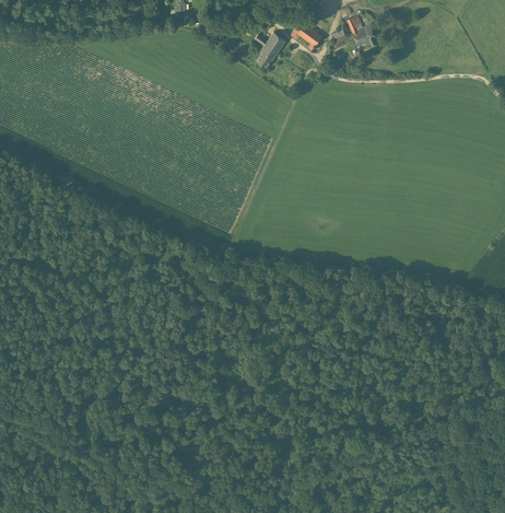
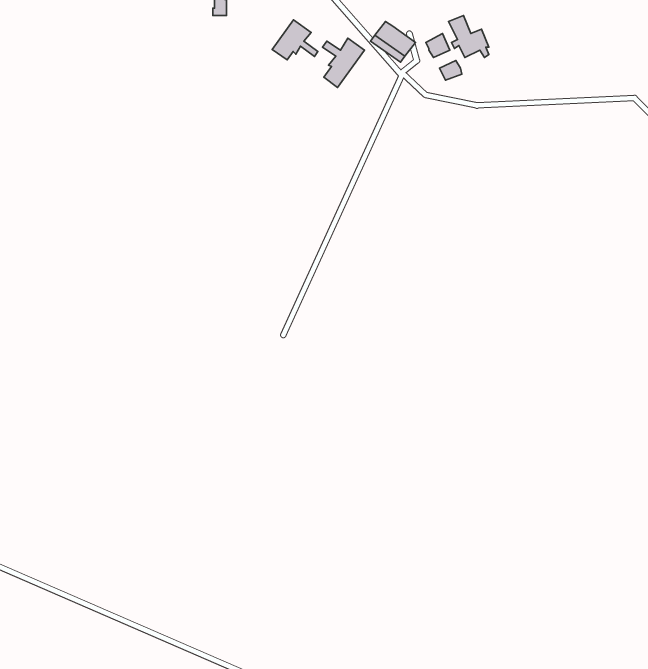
building: none -> [272,20,318,60]

